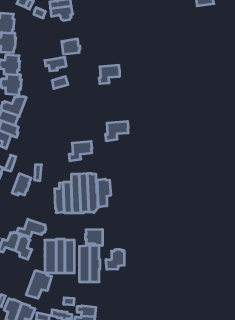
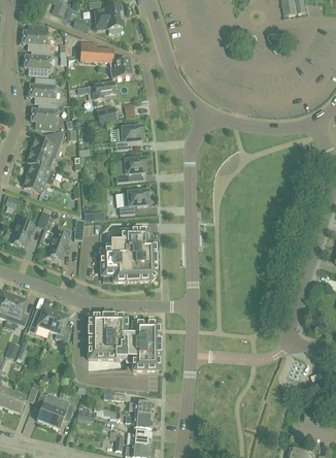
building: none -> [80,41,112,62]
building: [99,65,120,84] -> [115,126,142,150]
building: [105,121,128,141] -> [115,158,145,183]
building: [97,179,111,207] -> none
building: [17,219,46,237] -> none
building: [85,229,102,246] -> none
building: [106,249,124,269] -> none
building: [26,271,52,298] -> none

